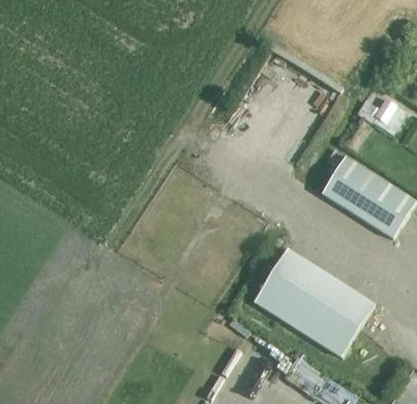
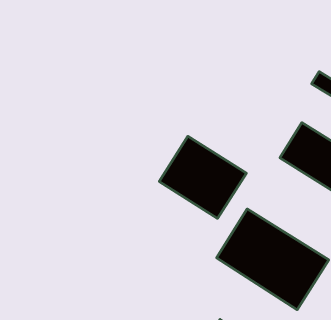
building: none -> [159,136,246,219]

